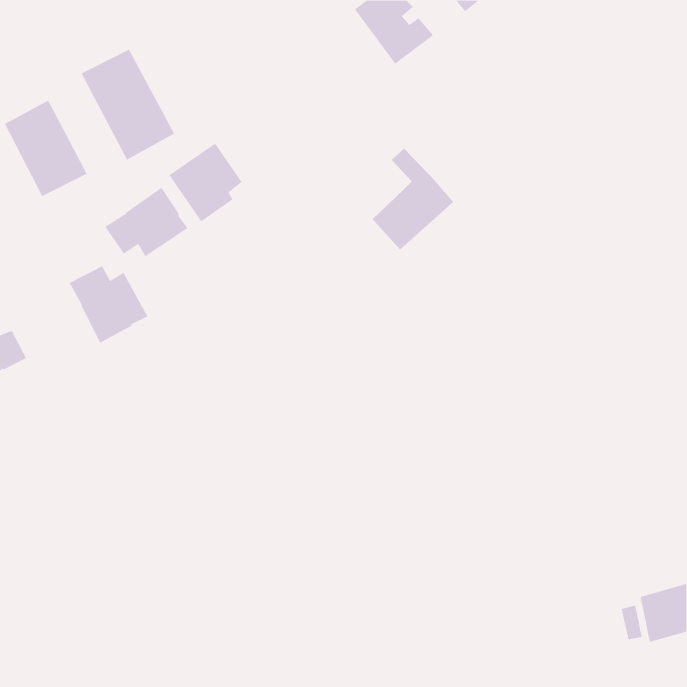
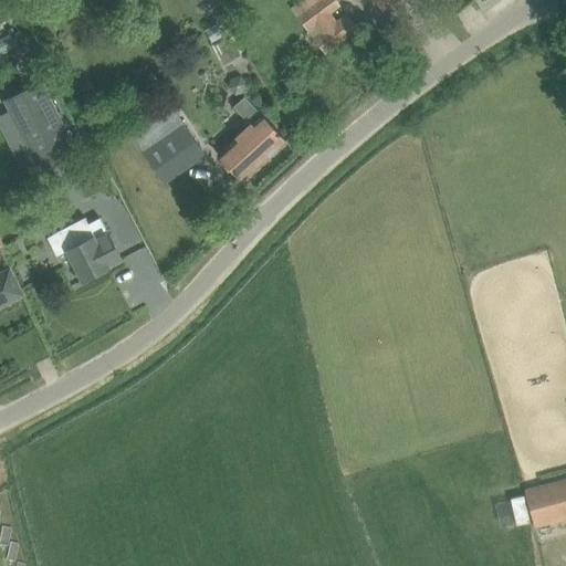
building: [81,49,175,161] -> none
building: [372,148,454,250] -> [218,97,285,181]
building: [105,187,188,257] -> none

